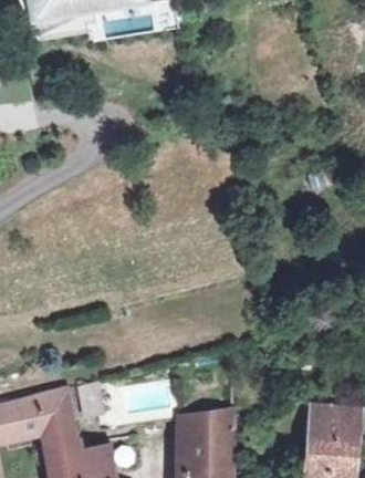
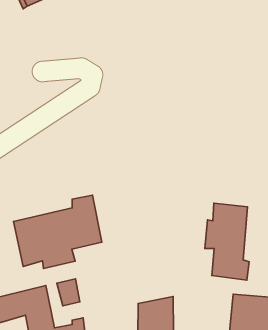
building: none -> [13,195,102,269]
building: none -> [205,203,249,280]

